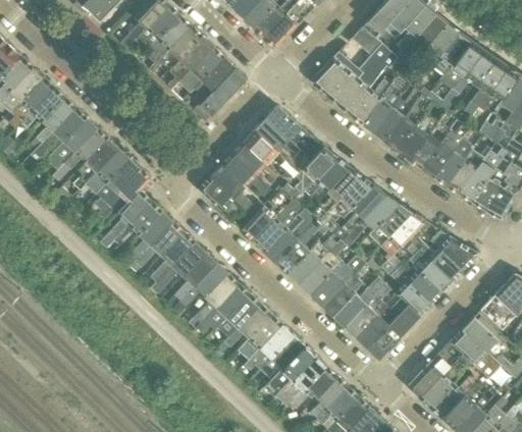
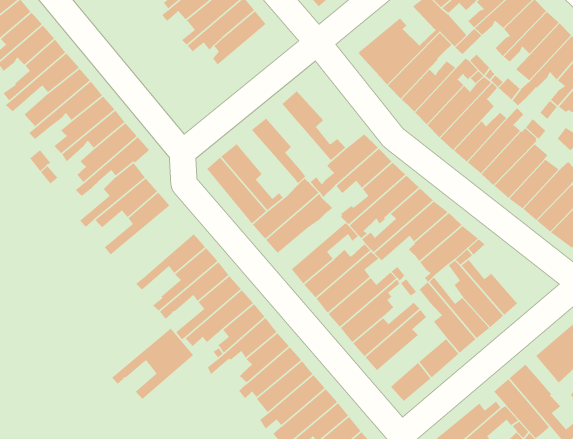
building: [193,66,247,122] -> none
building: [265,105,323,159] -> none
building: [243,129,299,182] -> none
building: [221,153,270,197] -> none
building: [264,209,316,262] -> none
building: [129,221,195,282] -> [111,327,194,400]
building: [430,230,478,269] -> none
building: [355,298,408,347] -> none

